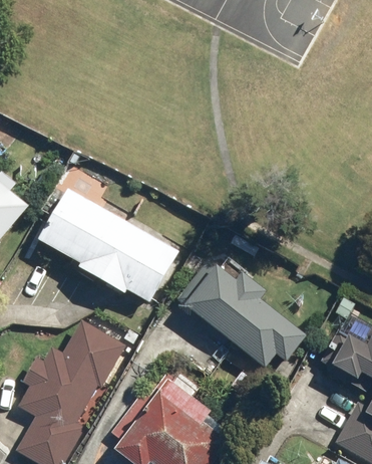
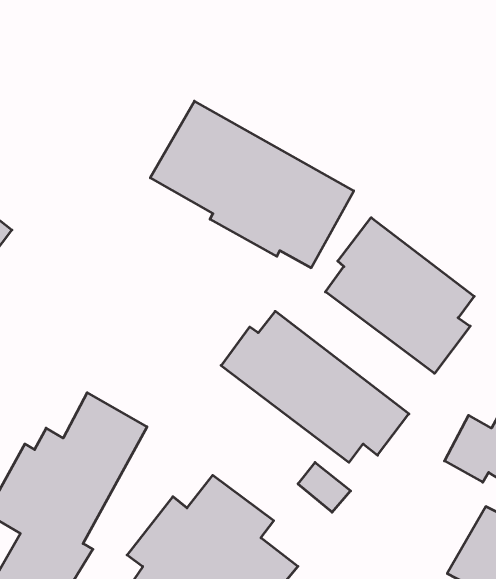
building: [36,186,179,303] -> [150,101,354,268]
building: none -> [325,218,474,373]

